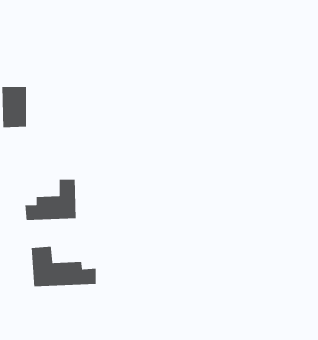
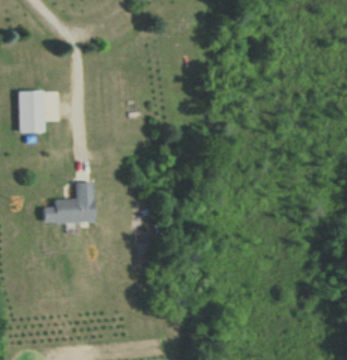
building: [31,246,97,287] -> none

